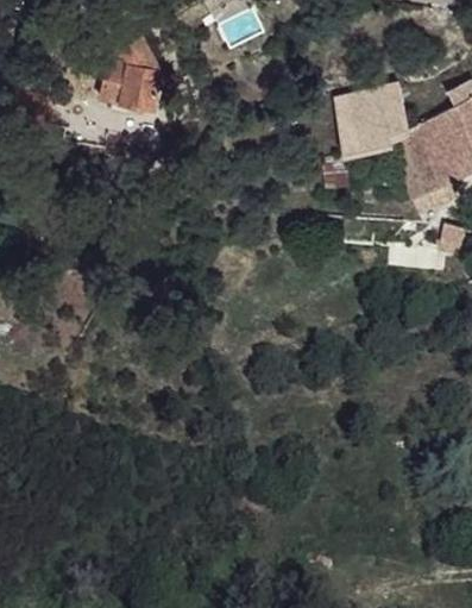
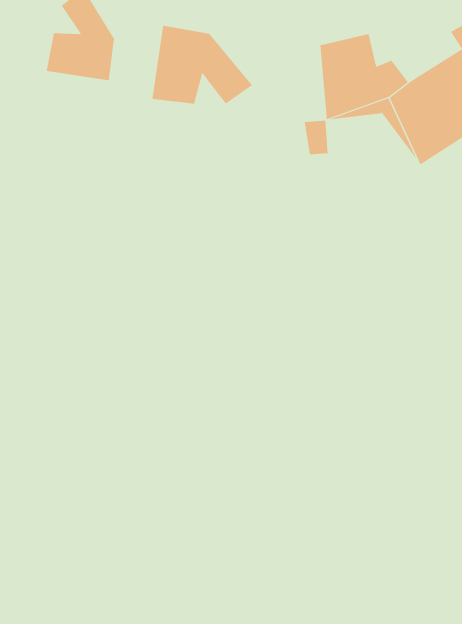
building: none -> [152,25,253,105]

